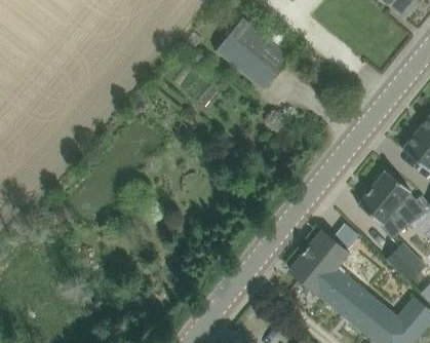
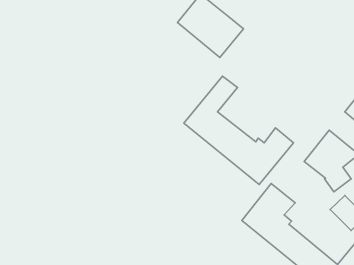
building: none -> [184,76,294,185]

